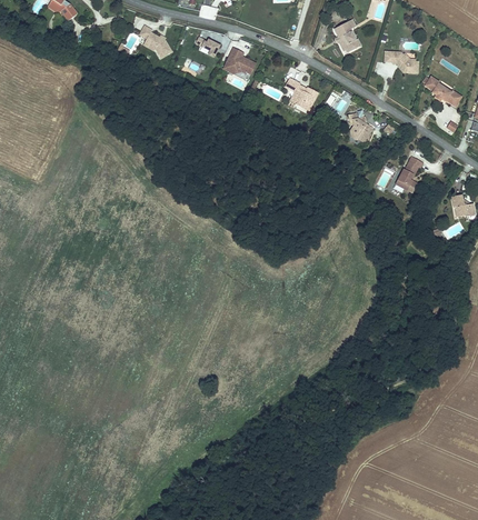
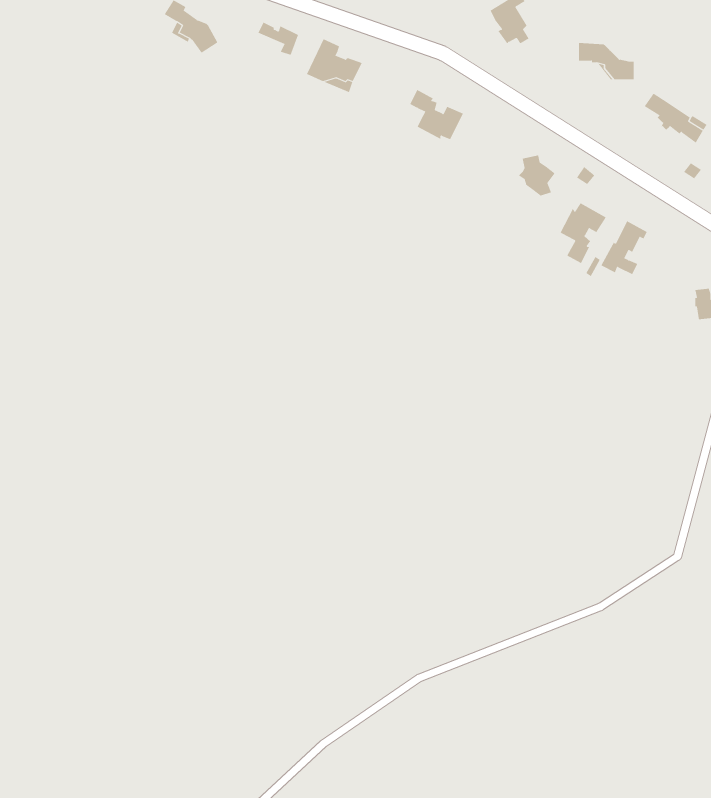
building: none -> [560,203,606,264]

